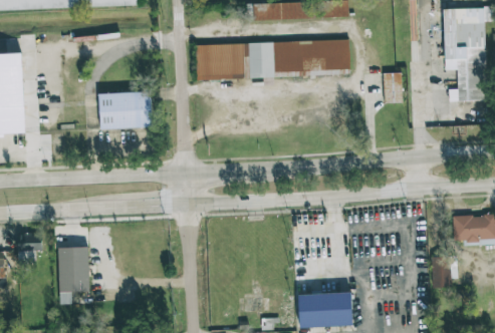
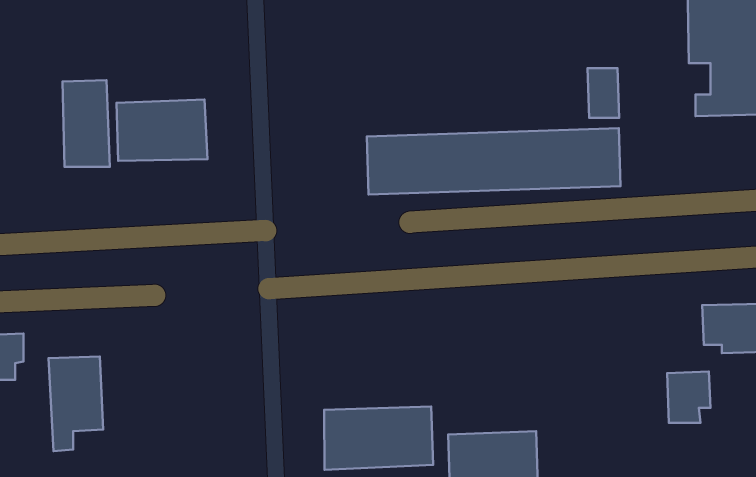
building: [196,39,349,79] -> [367,128,621,195]
building: none -> [63,80,110,167]
building: none -> [324,406,433,470]

